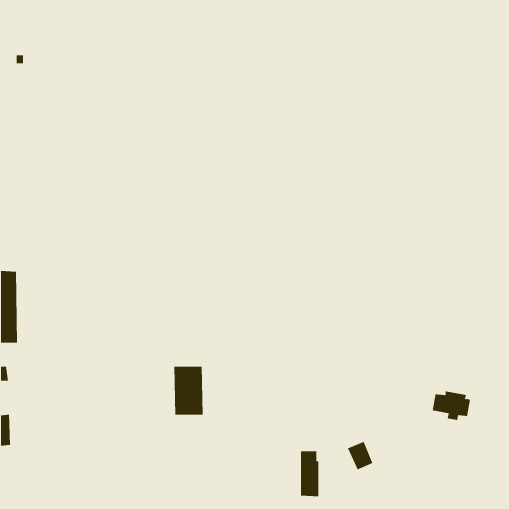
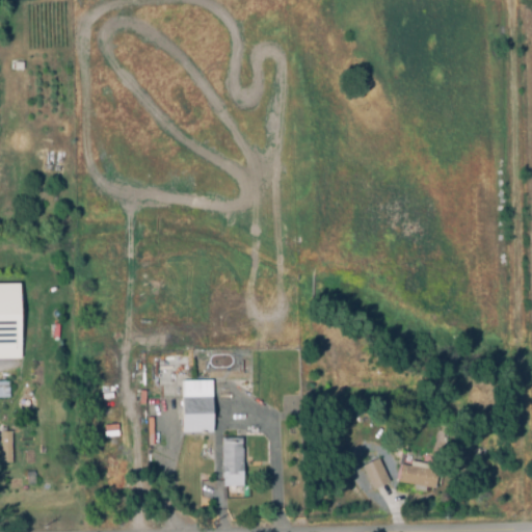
building: [432,391,471,421] -> [398,461,438,493]
building: [300,451,319,497] -> [223,438,243,486]

